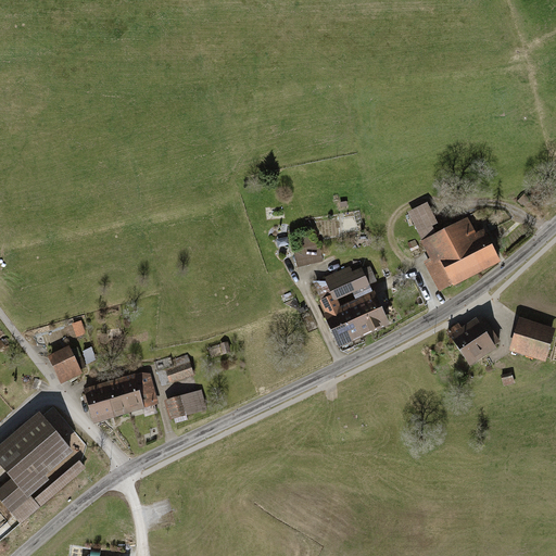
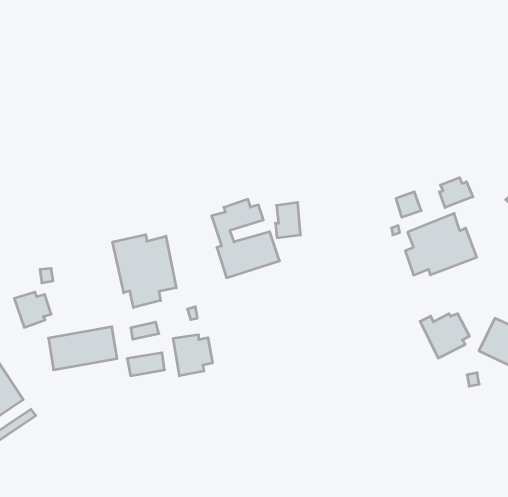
building: none -> [439,178,473,208]
building: [316,266,388,345] -> [212,199,280,278]
building: none -> [113,235,176,308]
building: none -> [173,335,212,376]

